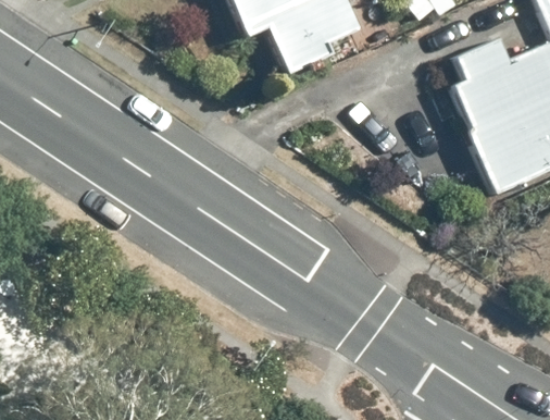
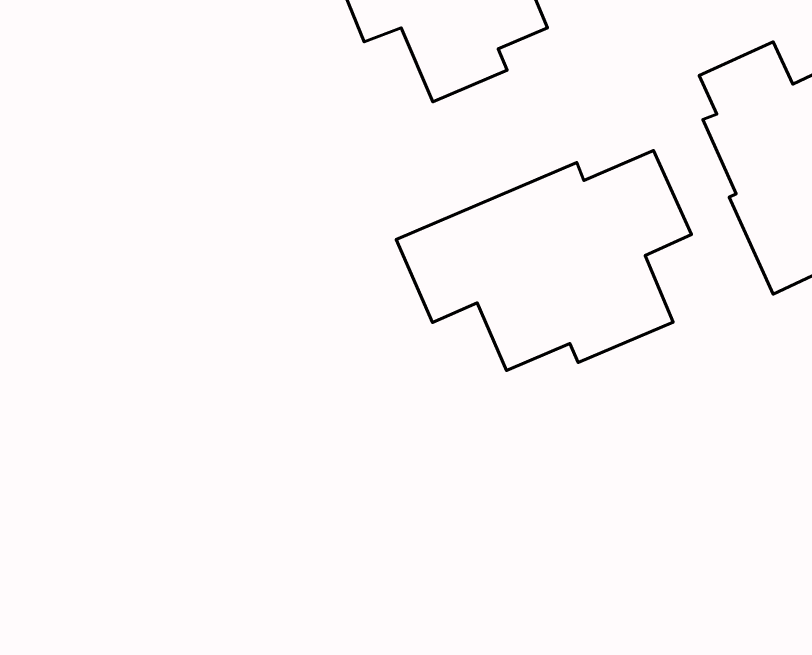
building: none -> [396,150,691,370]

